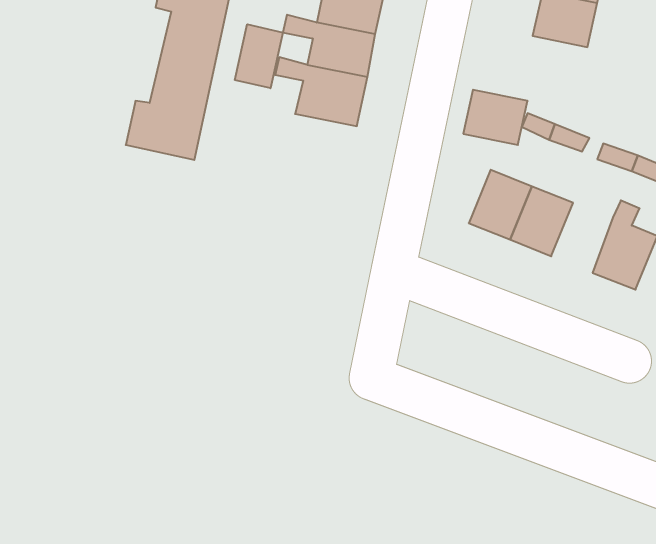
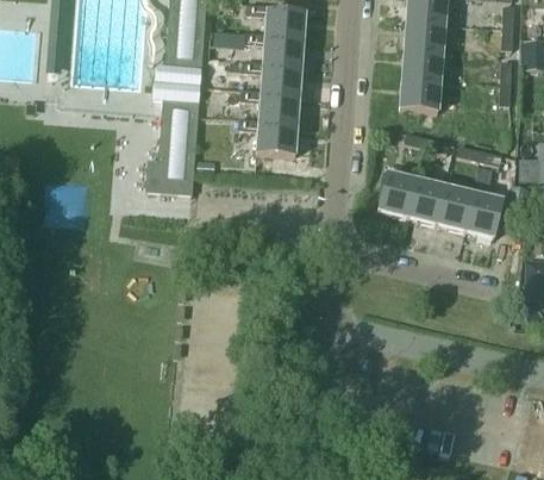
building: [235,24,283,88] -> none
building: [463,90,528,145] -> [401,81,440,113]
building: none -> [436,187,473,231]

